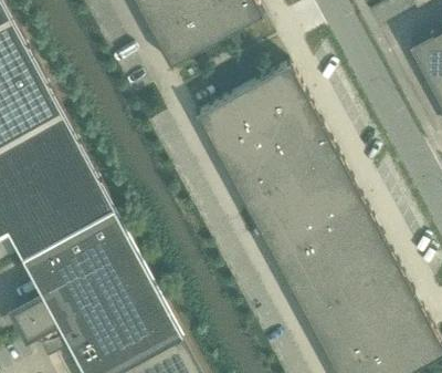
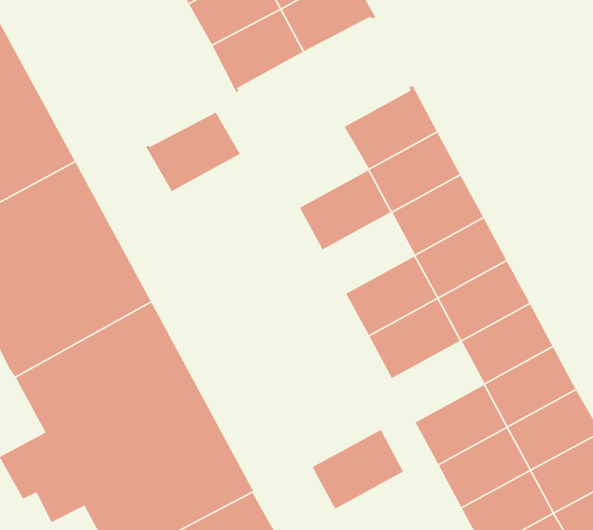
building: [193,90,257,144] -> [145,111,241,192]
building: [227,147,288,201] -> none
building: [273,234,335,288] -> [312,429,404,510]

